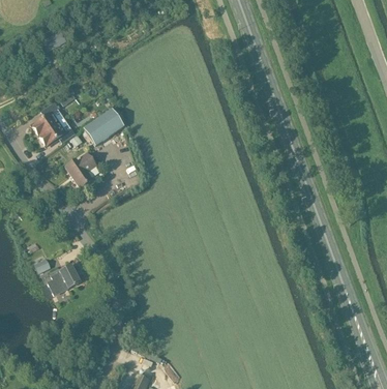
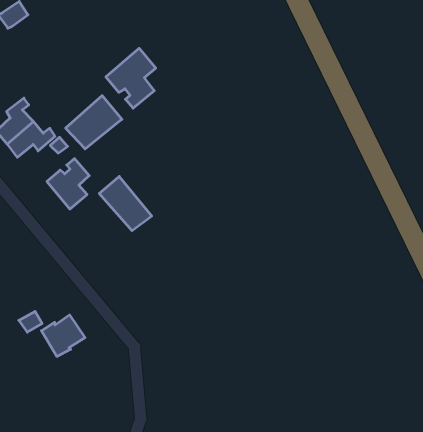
building: none -> [106,48,156,108]
building: none -> [99,176,152,231]

